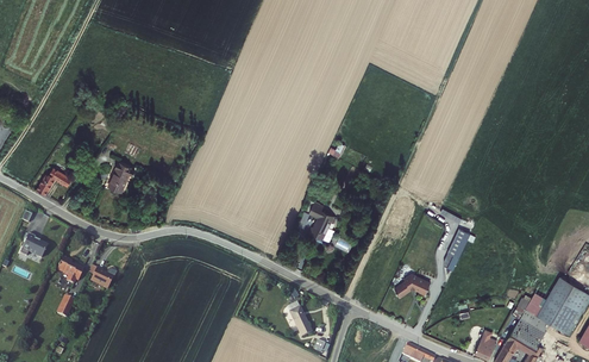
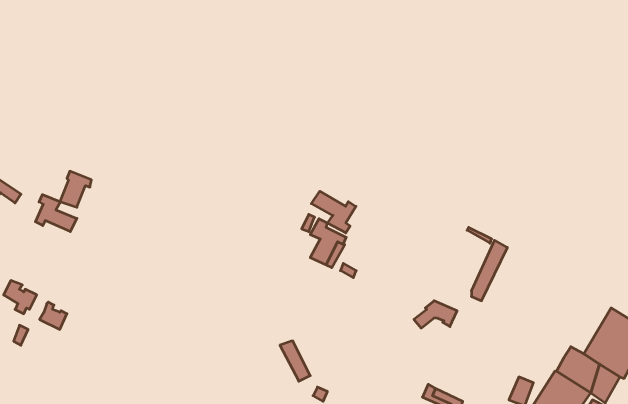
building: none -> [311,191,356,233]
building: none -> [35,195,77,232]

